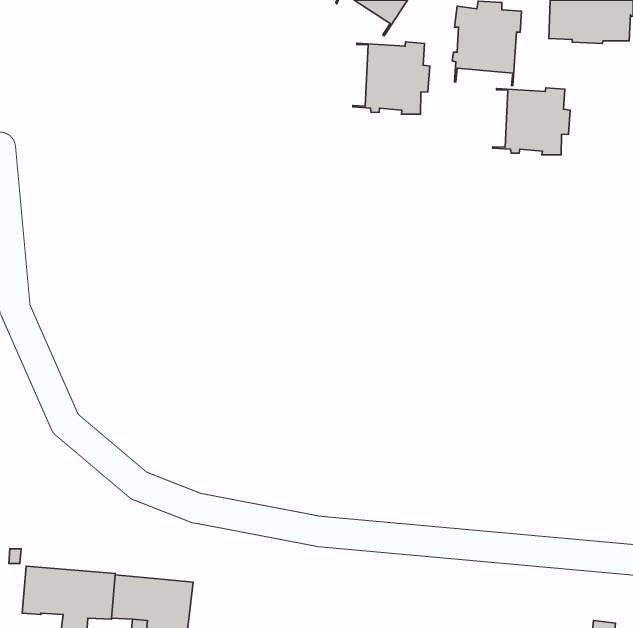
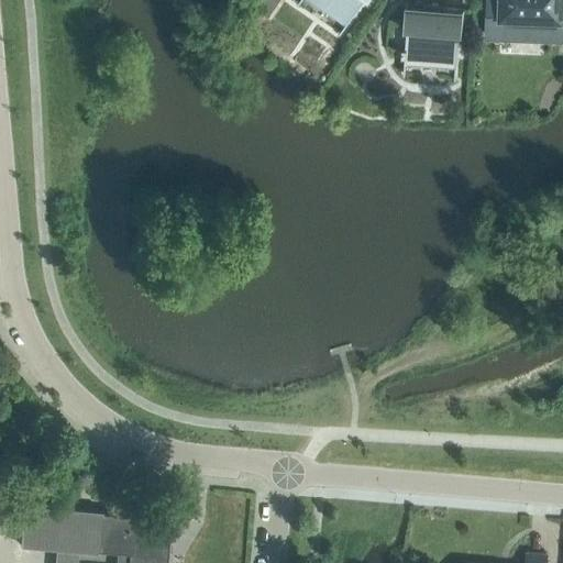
building: [353,42,430,114] -> none
building: [493,88,570,155] -> none

